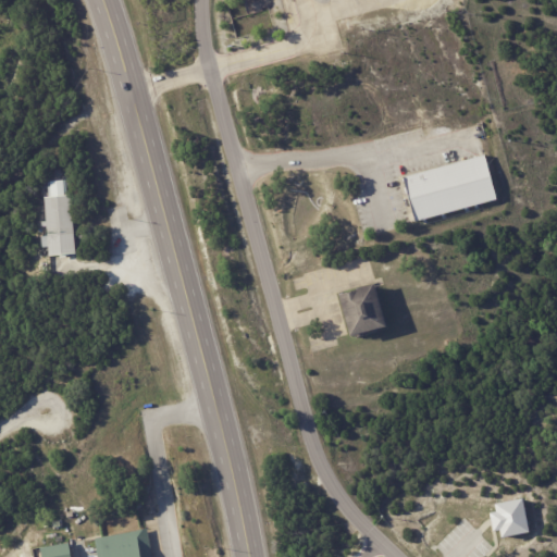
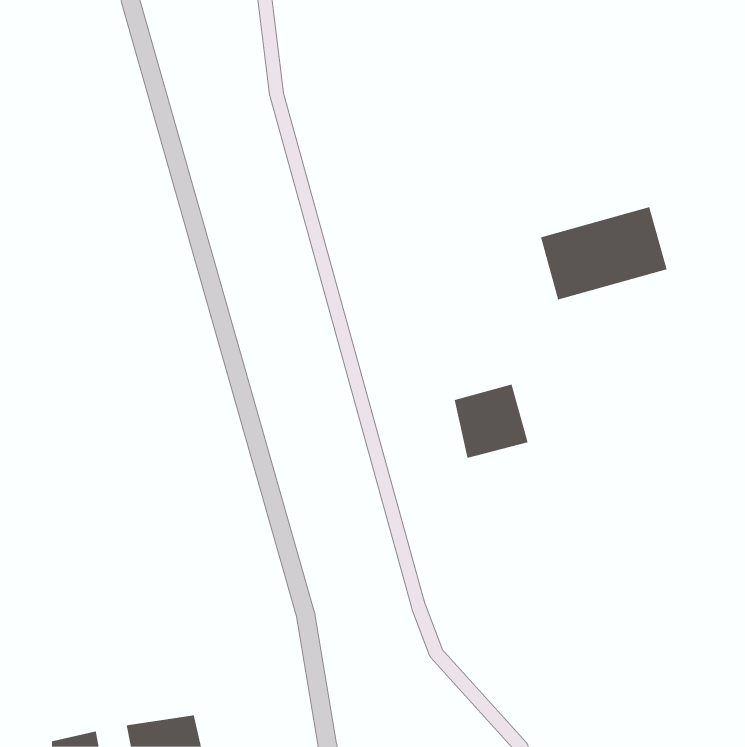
building: [40,180,75,257] -> none
building: [486,496,530,540] -> none

